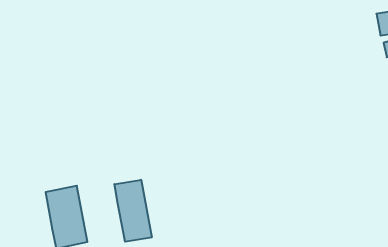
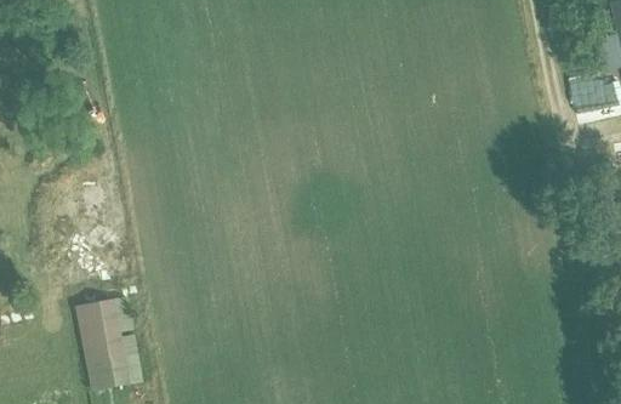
building: [114,180,152,242] -> none

